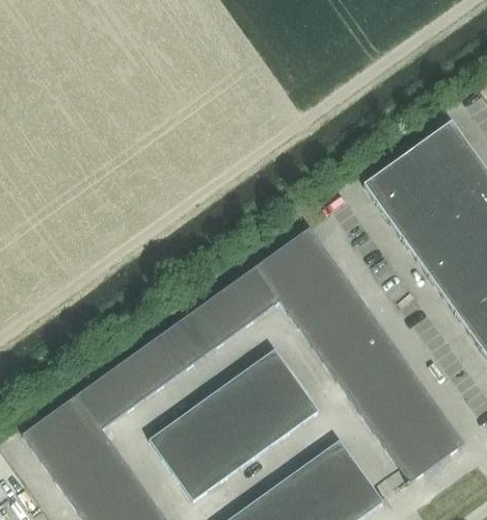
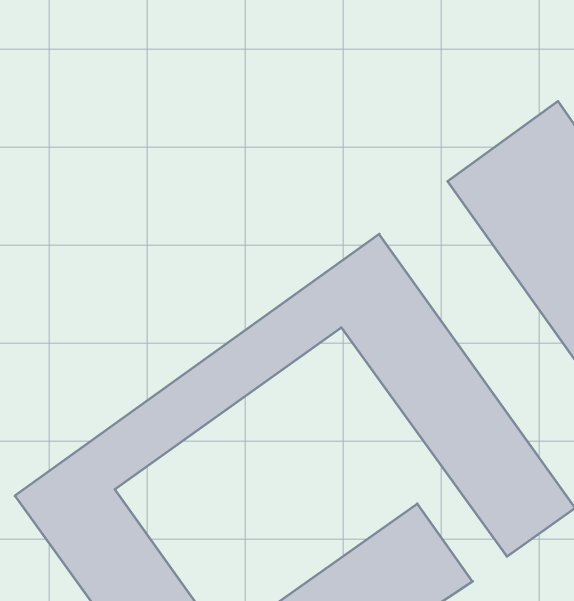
building: [148,349,318,500] -> none

